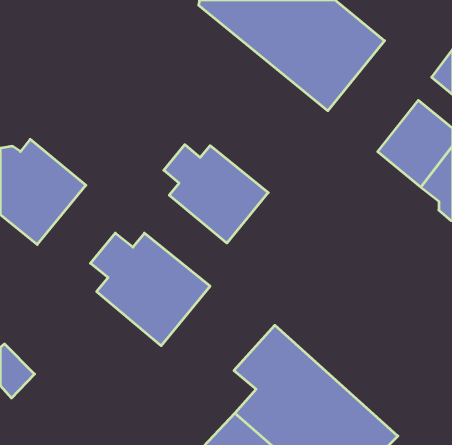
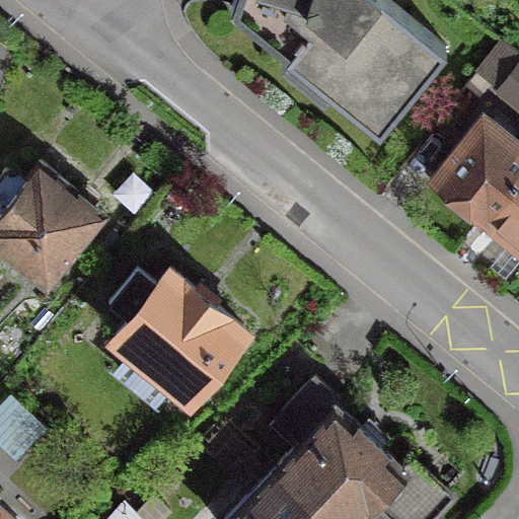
building: [164,145,268,243] -> none

